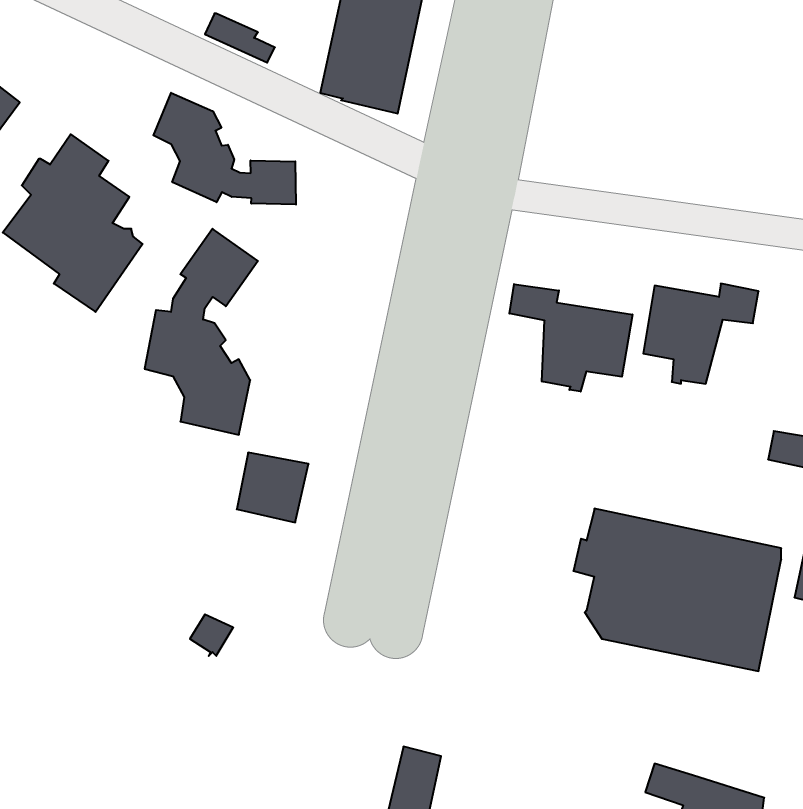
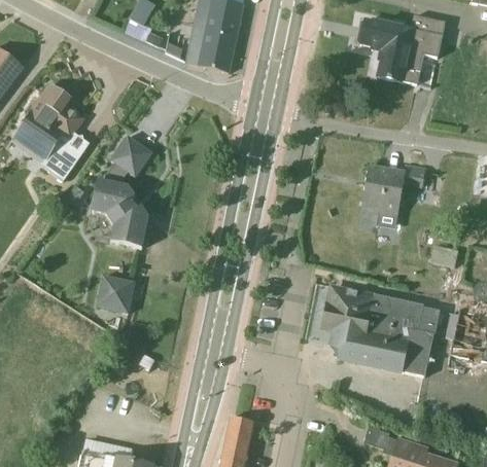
building: none -> [360,14,445,83]
building: [153,93,296,205] -> none
building: [509,284,632,392] -> none
building: [237,453,309,522] -> [96,275,135,313]

